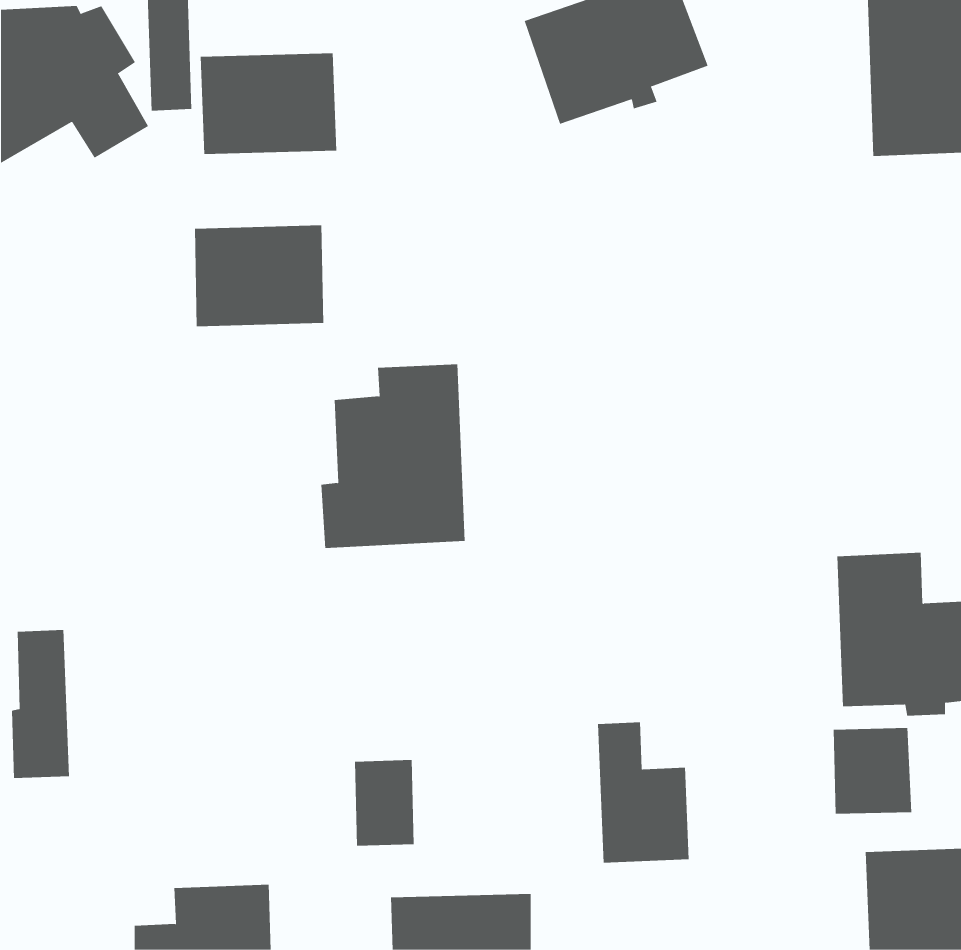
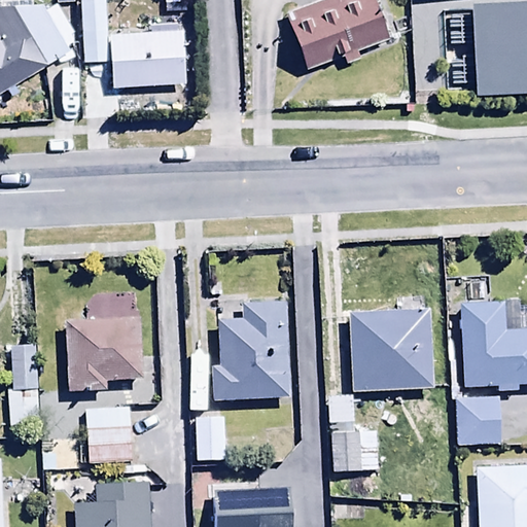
building: [194,225,324,327] -> none
building: [321,364,466,549] -> [211,301,290,401]
building: none -> [349,298,433,392]
building: none -> [66,317,154,390]
building: none -> [84,405,134,461]

